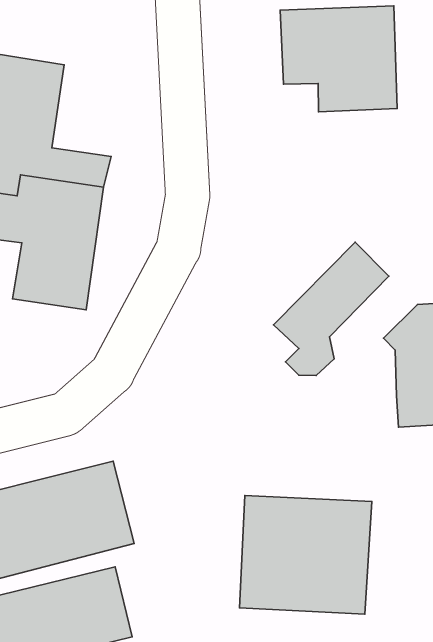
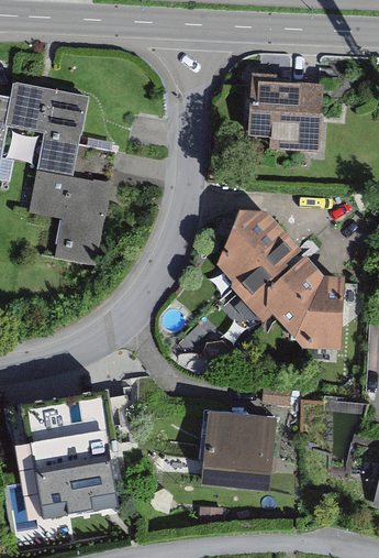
building: none -> [216,215,288,292]
building: none -> [266,263,328,347]

